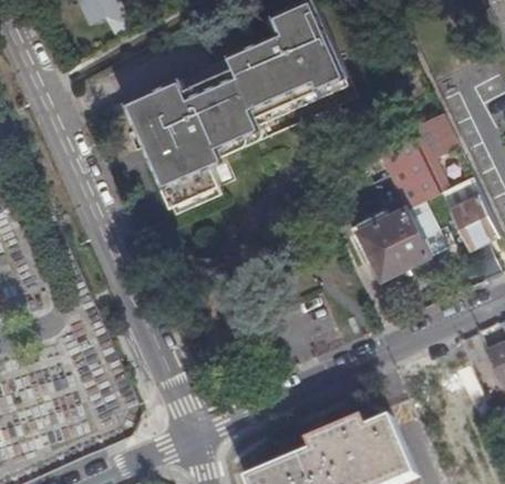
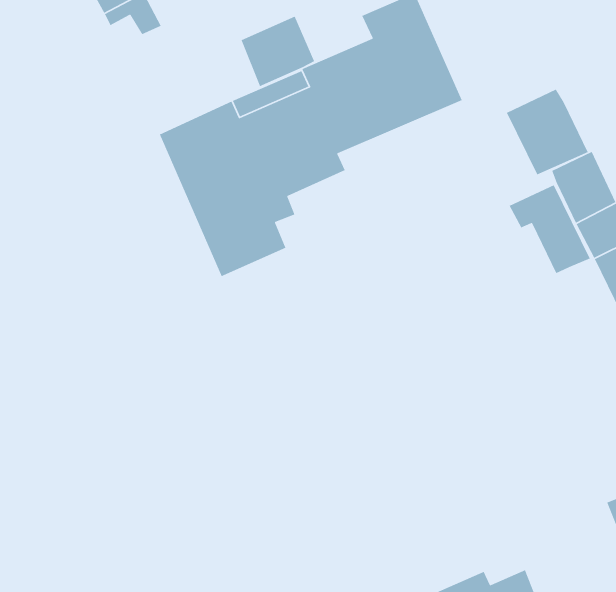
building: none -> [241,16,315,87]
building: none -> [506,88,589,176]
building: [359,199,447,279] -> none

